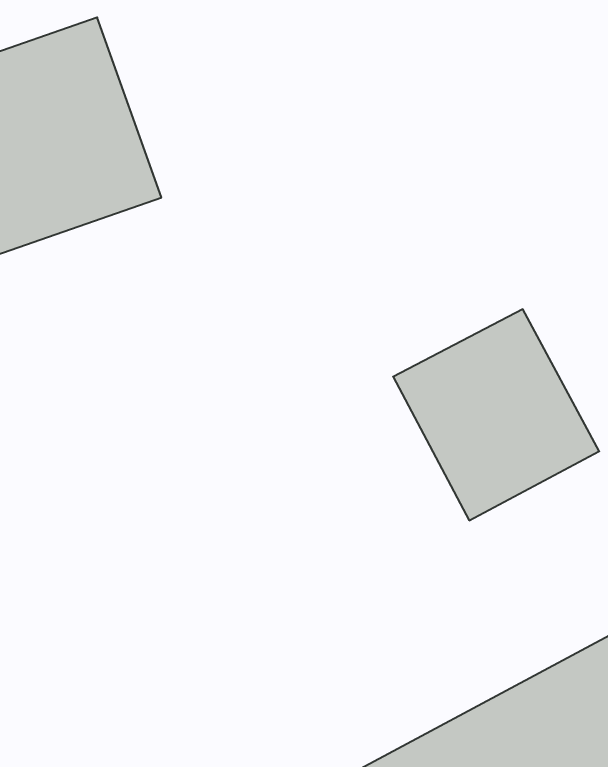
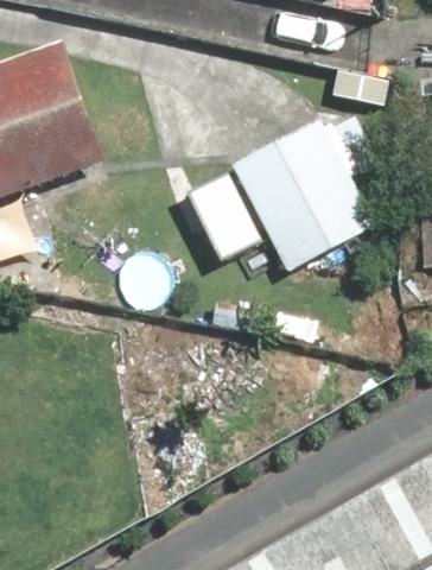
building: [393,309,599,520] -> [233,116,374,261]

